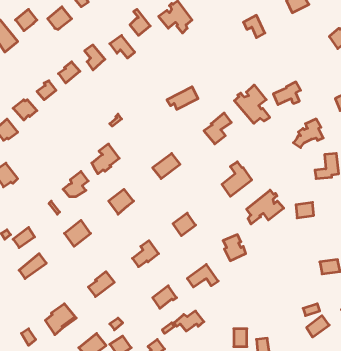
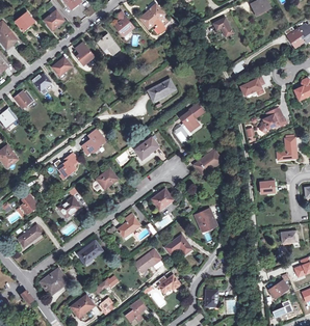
building: [234,85,270,123] -> none
building: [247,190,284,224] -> none

